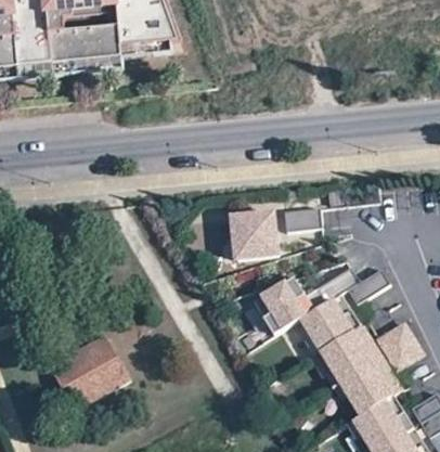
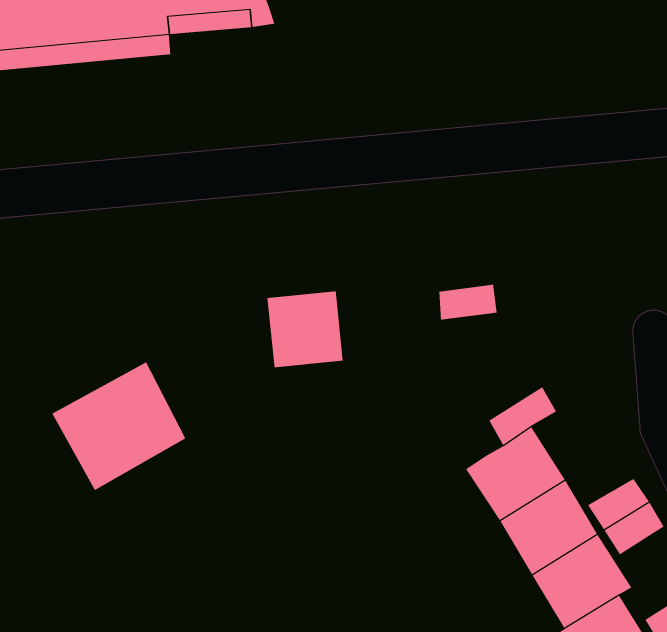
building: [229,212,275,259] -> [266,291,344,368]
building: [251,277,311,335] -> none
building: [46,334,127,412] -> [52,361,186,491]

